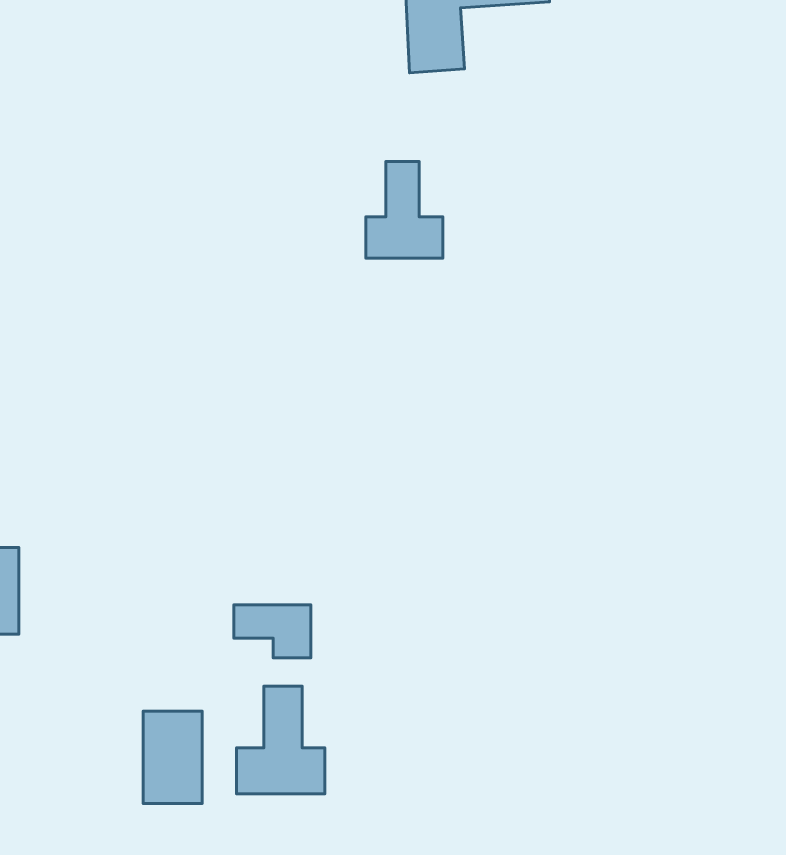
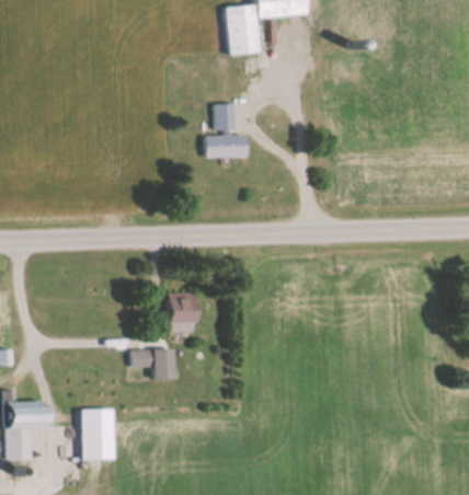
building: none -> [169,292,196,332]
building: [237,686,325,794] -> none
building: none -> [7,401,46,460]

